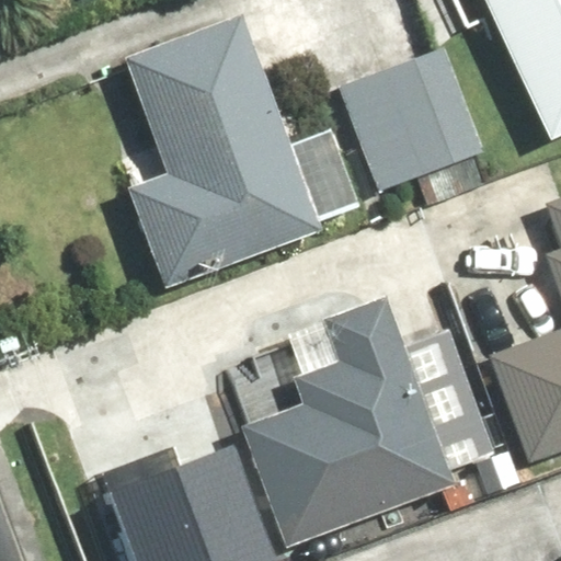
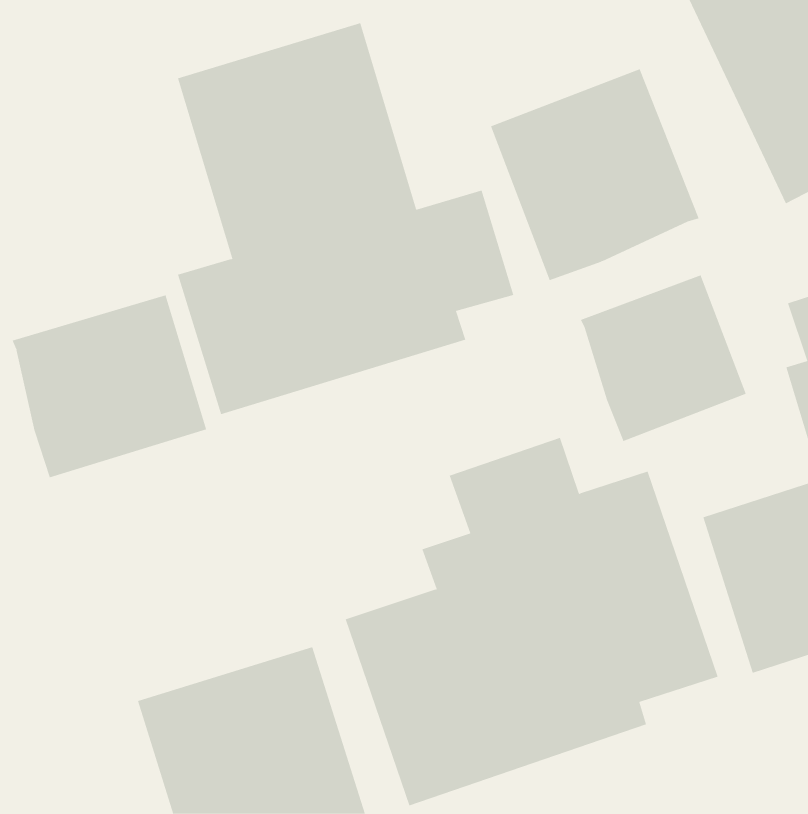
building: none -> [580,274,747,442]
building: none -> [12,295,207,478]

